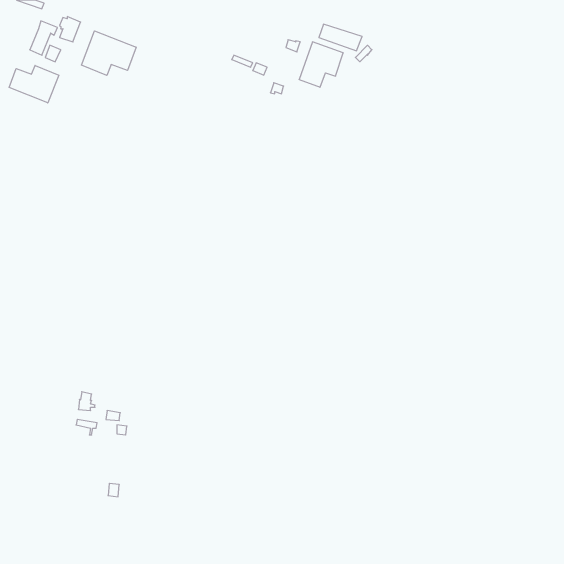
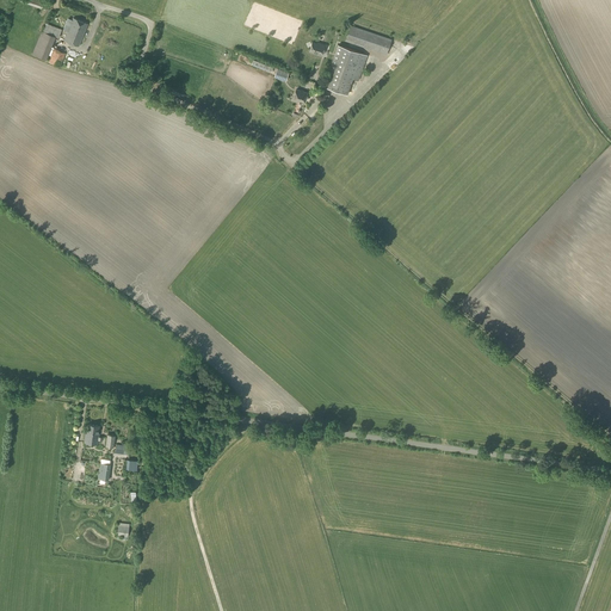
building: [81,31,136,75] -> none
building: [9,65,59,103] -> none

